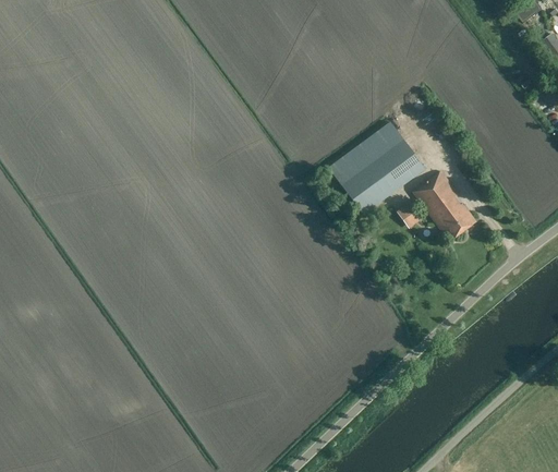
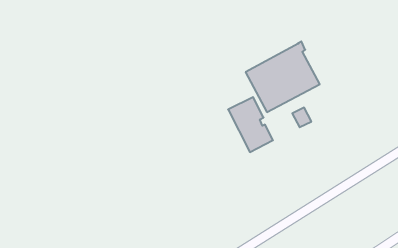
building: [412,169,475,240] -> [228,97,273,152]

